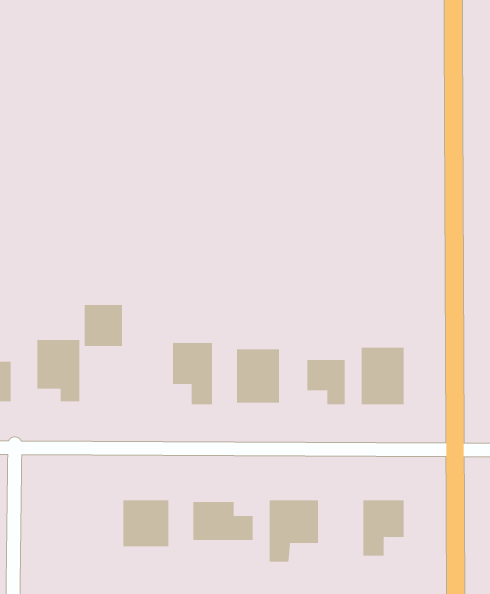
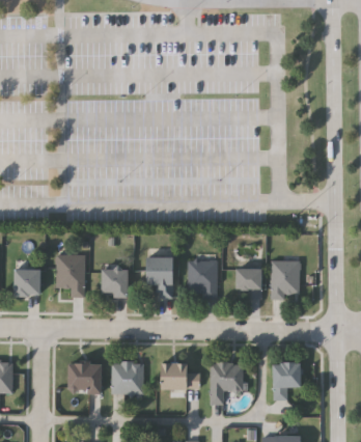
building: [84,304,123,347] -> [102,269,128,297]
building: none -> [67,363,102,393]

